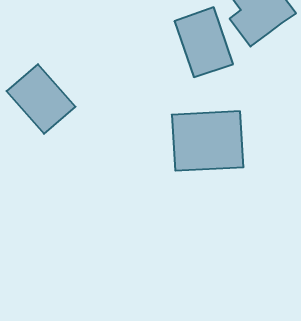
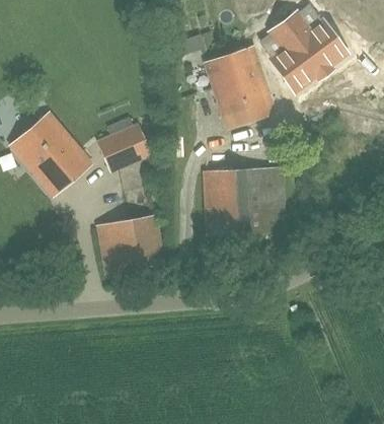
building: none -> [95,122,152,172]
building: none -> [97,215,164,274]

